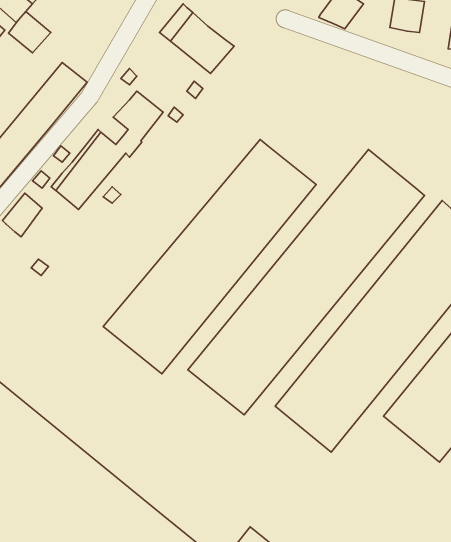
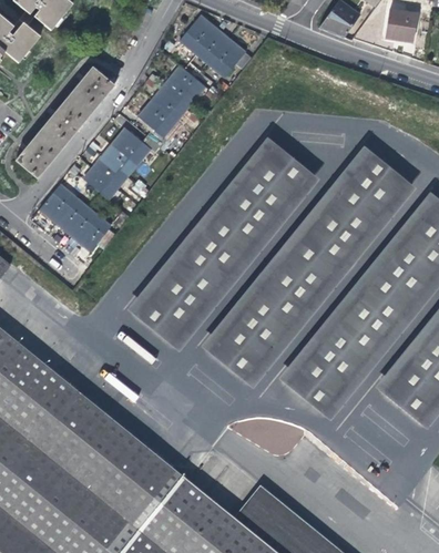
building: [9,12,51,53] -> none
building: none -> [157,68,203,113]
building: none -> [54,198,109,253]

